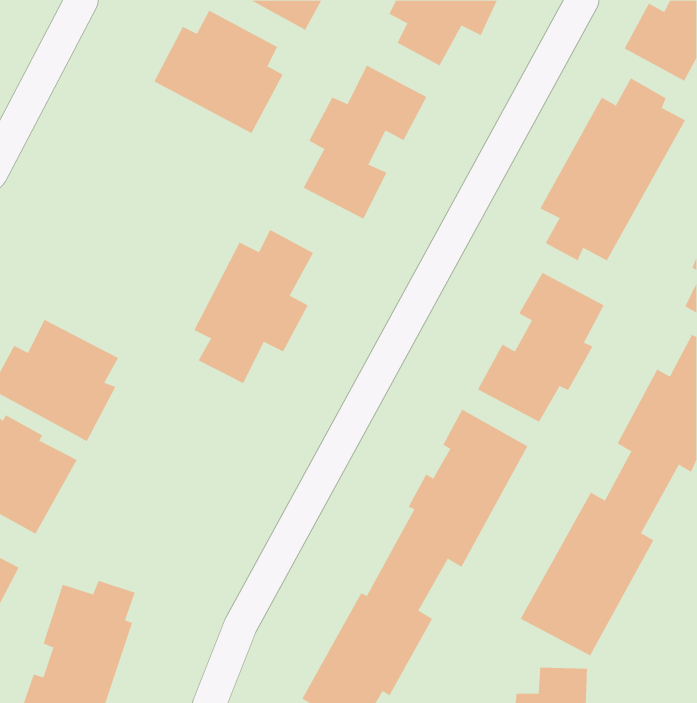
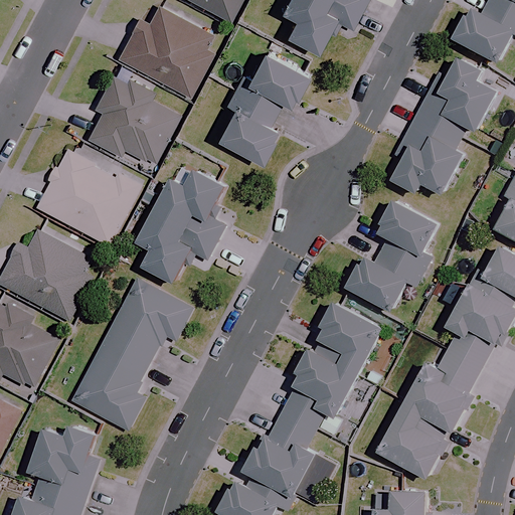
building: none -> [82,79,173,169]
building: none -> [31,151,136,249]
building: none -> [73,281,190,430]

